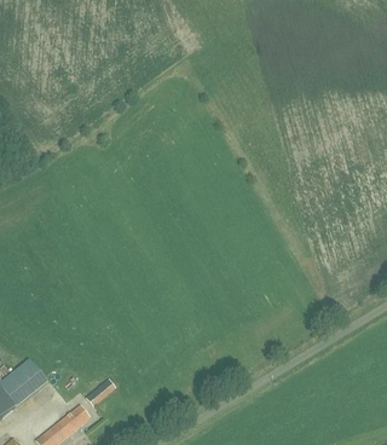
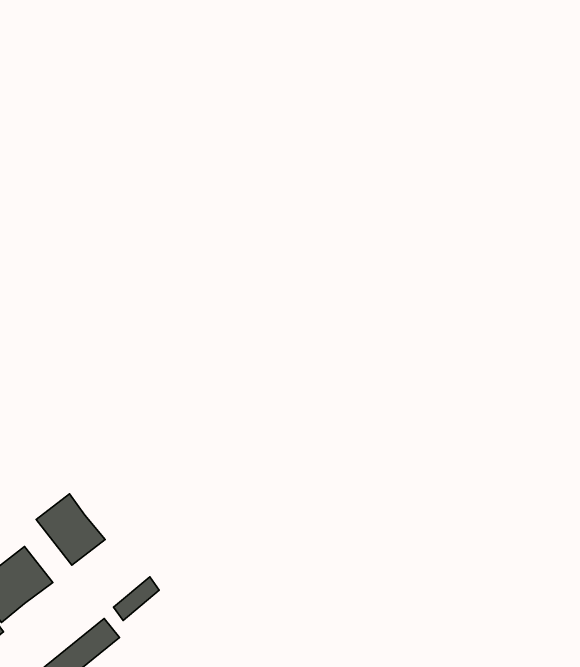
building: none -> [36,494,105,565]

